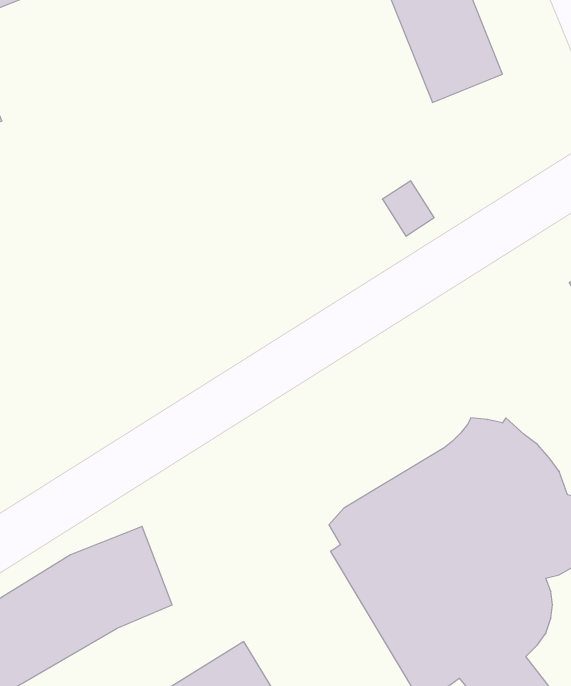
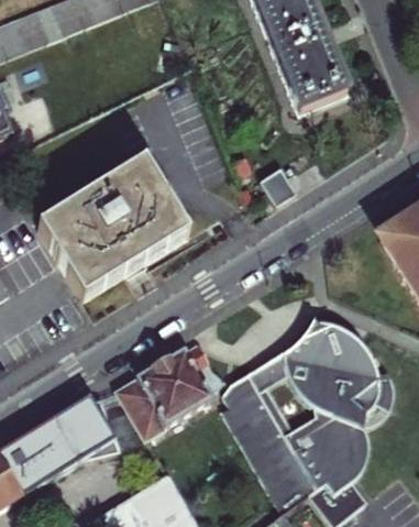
building: none -> [35,164,186,299]
building: none -> [117,342,222,435]

